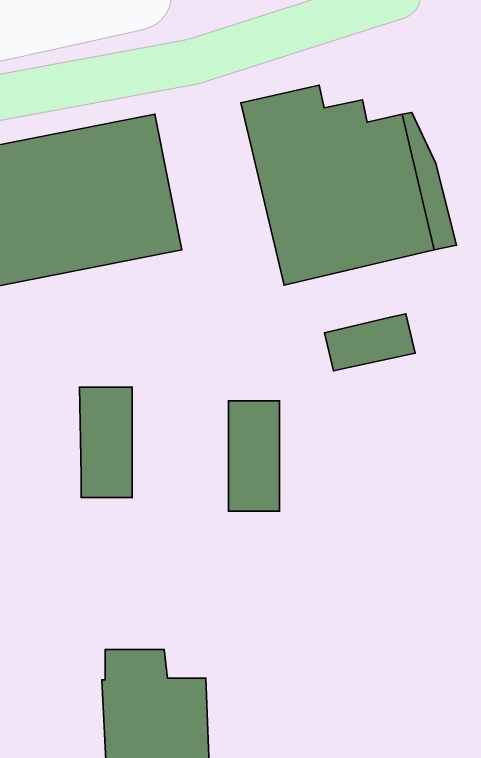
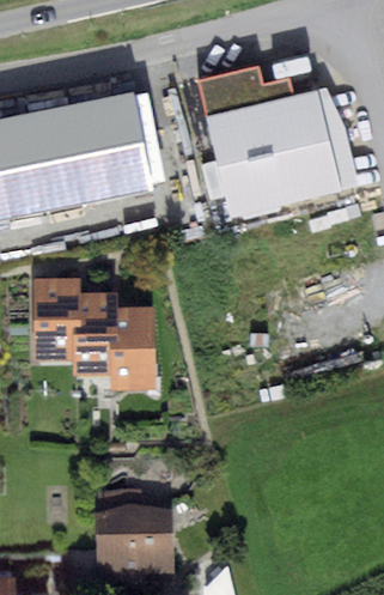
building: [325,314,415,371] -> none
building: none -> [32,280,78,362]
building: [228,401,279,511] -> [116,310,154,393]

